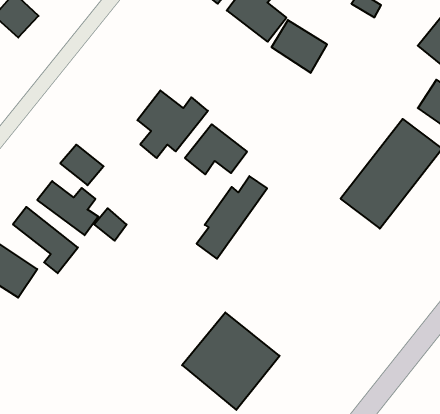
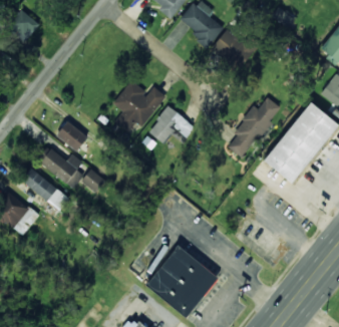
building: [197,176,267,259] -> [228,97,280,158]

